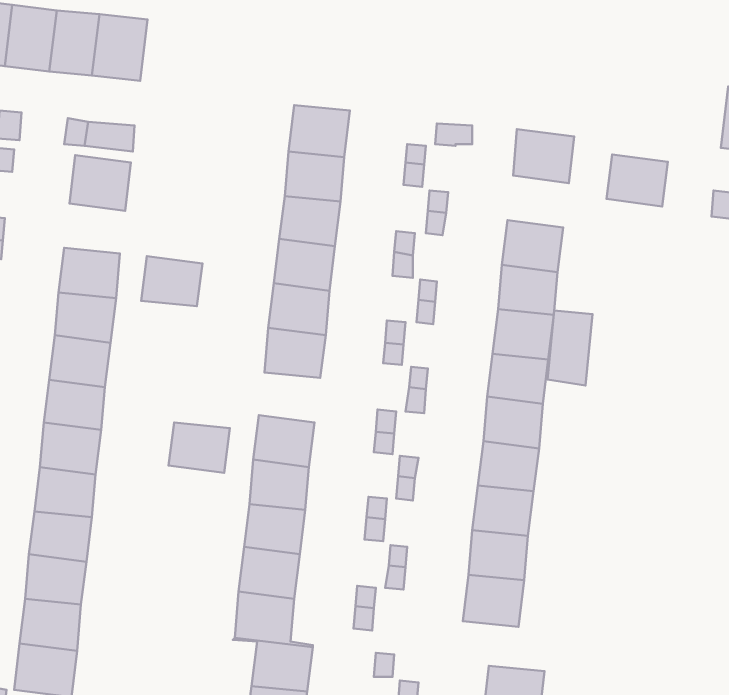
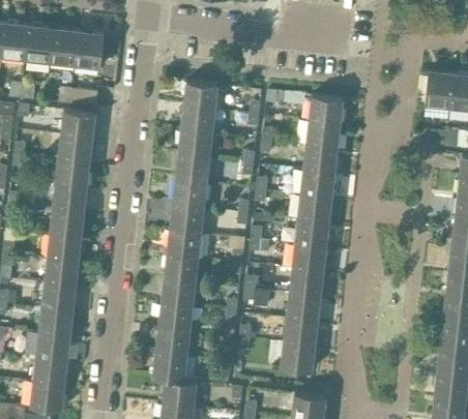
building: [607,154,668,206] -> [305,120,340,149]
building: [141,256,203,306] -> [58,136,92,163]
building: [548,310,593,385] -> none
building: [169,423,230,473] -> [167,230,201,258]

